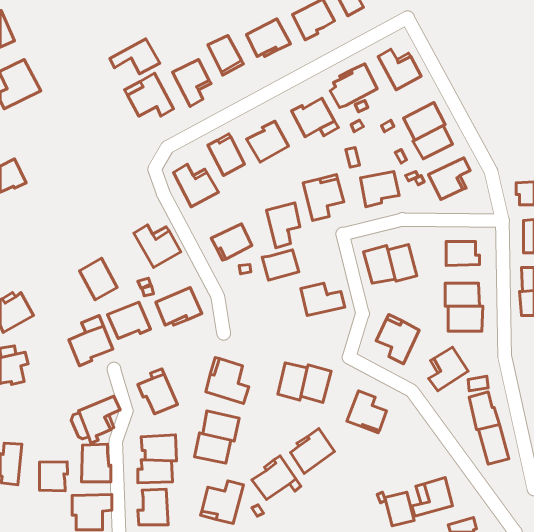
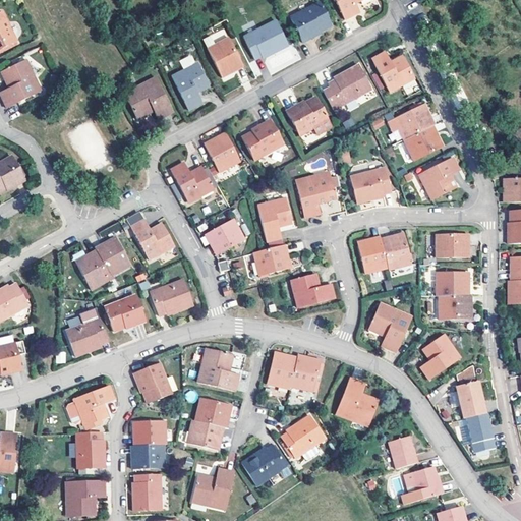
building: [110,39,160,74] -> none
building: none -> [96,236,130,276]
building: [40,462,68,491] -> none
building: [385,492,414,526] -> [389,435,417,467]

